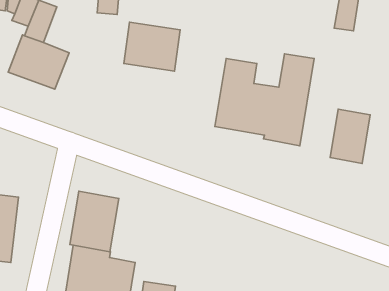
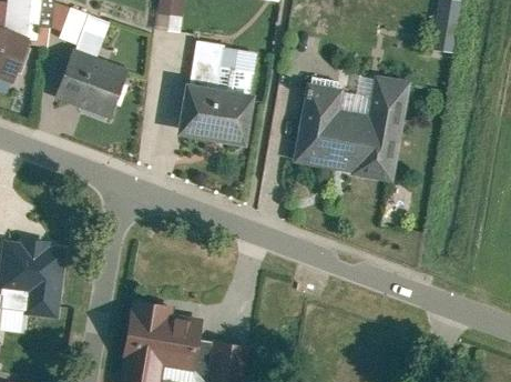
building: none -> [176,87,252,150]
building: [330,109,370,163] -> none
building: [70,191,119,252] -> none

